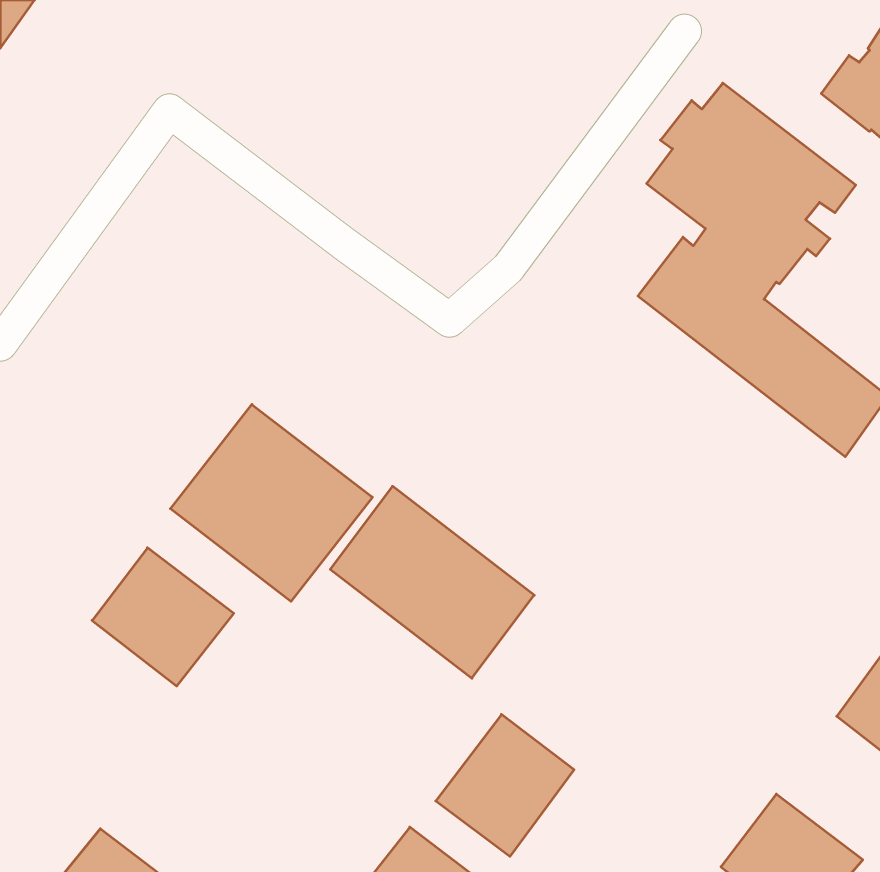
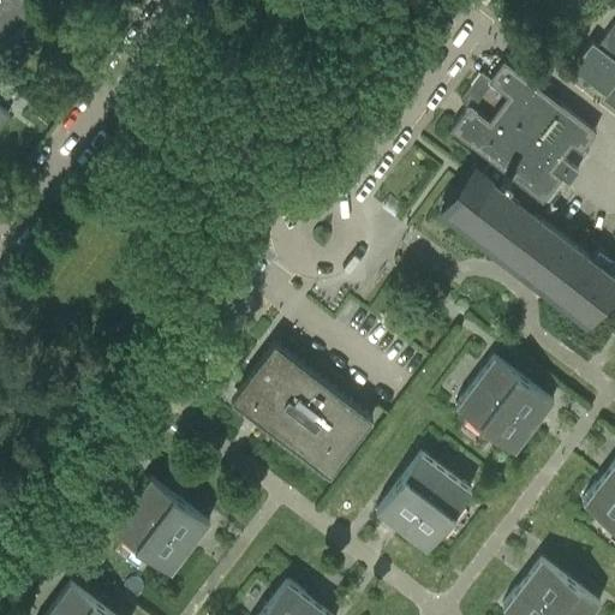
building: [170,404,372,601] -> none
building: none -> [456,358,555,454]
building: [92,548,234,686] -> [113,479,211,575]
building: [436,714,574,856] -> [376,454,472,553]

